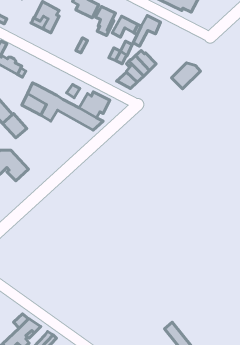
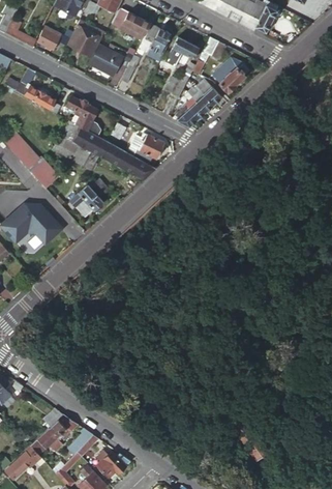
building: none -> [37,25,70,50]
building: none -> [89,46,122,77]
building: [172,63,201,89] -> [214,59,250,91]
building: none -> [63,96,101,136]
building: none -> [68,177,108,217]

